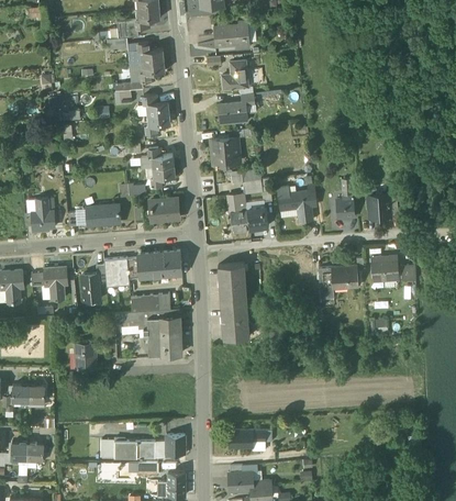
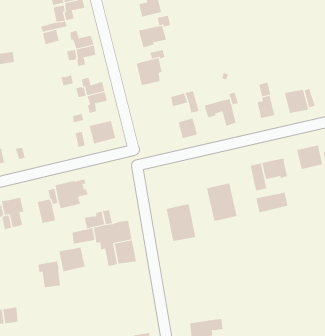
building: [230,196,249,231] -> none
building: [87,204,120,225] -> none
building: [135,250,181,276] -> none
building: [218,263,247,302] -> [206,183,238,221]
building: none -> [256,192,288,213]
building: none -> [59,247,85,272]

